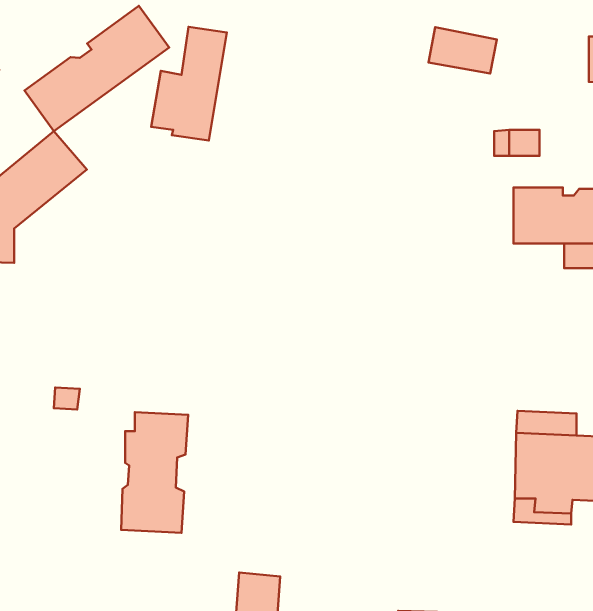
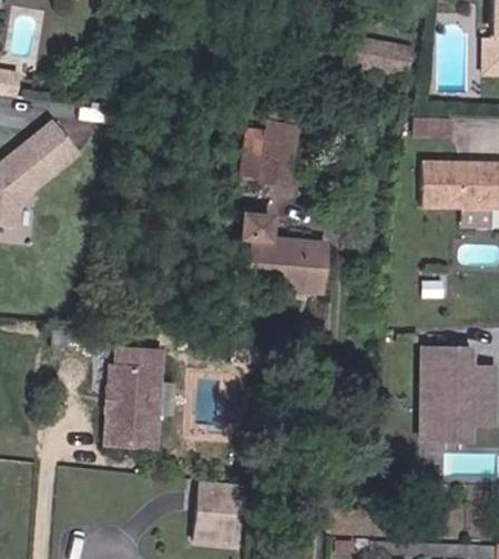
building: [24,6,169,131] -> none
building: [151,27,227,141] -> [240,92,301,184]
building: none -> [240,210,324,289]

